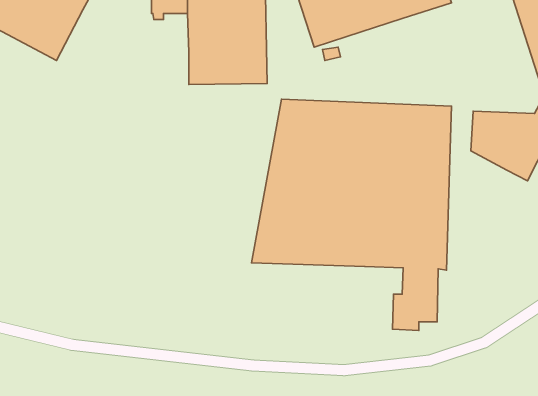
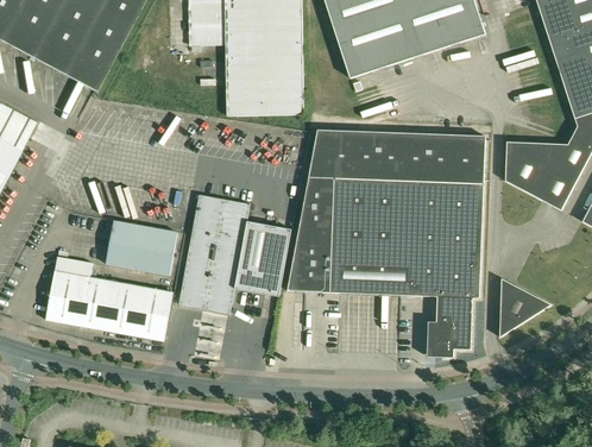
building: none -> [178,194,290,313]
building: none -> [105,219,177,275]
building: none -> [45,256,172,340]
building: none -> [499,277,550,336]

